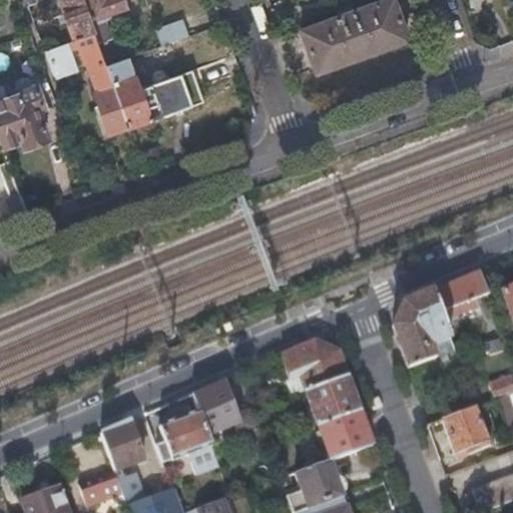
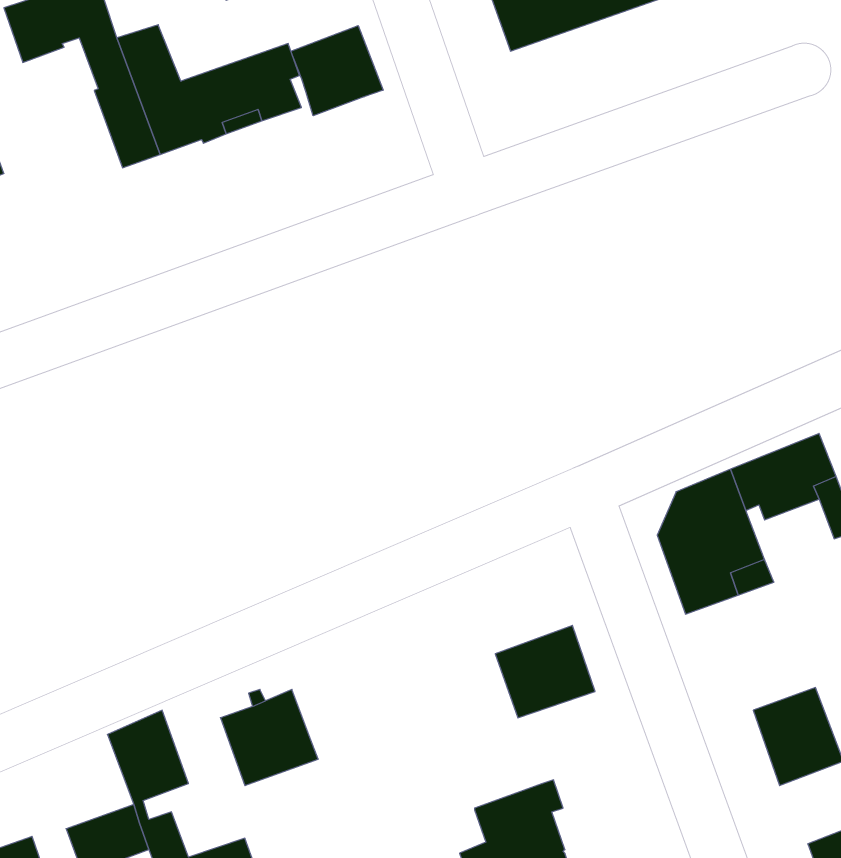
building: none -> [291,26,383,116]
building: [283,341,349,390] -> none
building: [194,380,241,436] -> none
building: [320,410,374,459] -> none

